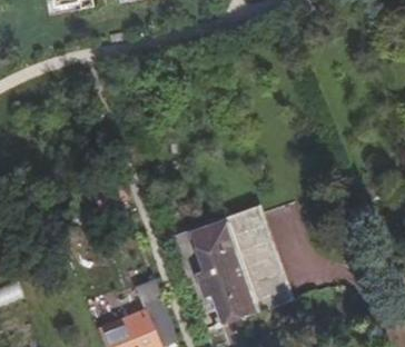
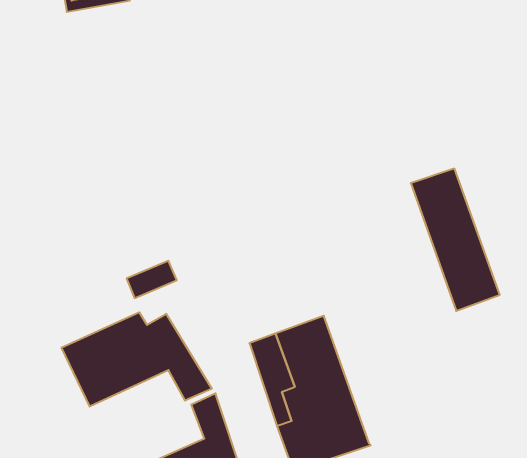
building: [229,210,290,308] -> [411,169,500,311]
building: none -> [62,312,212,407]

